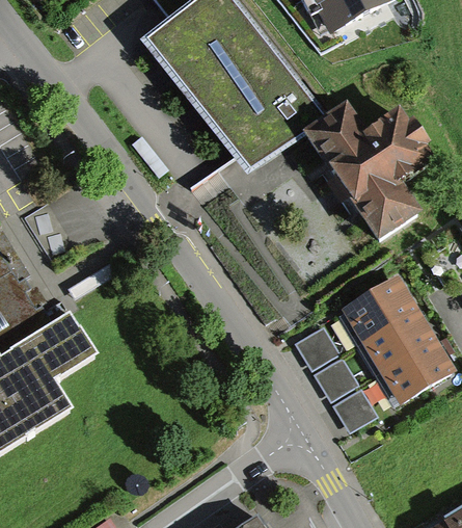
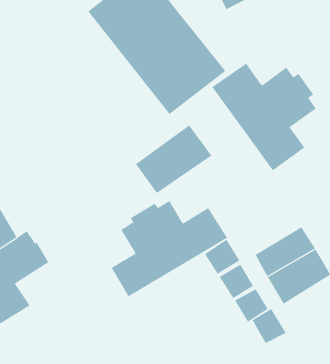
building: none -> [135,124,212,194]
building: [338,274,418,345] -> none
building: none -> [111,200,228,297]
building: none -> [252,308,287,344]

